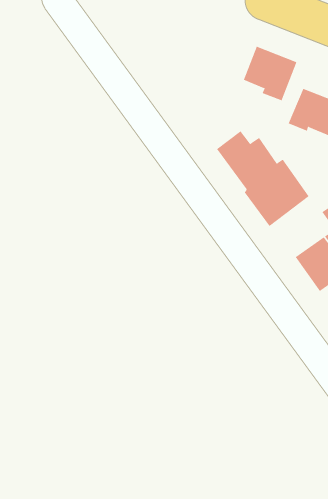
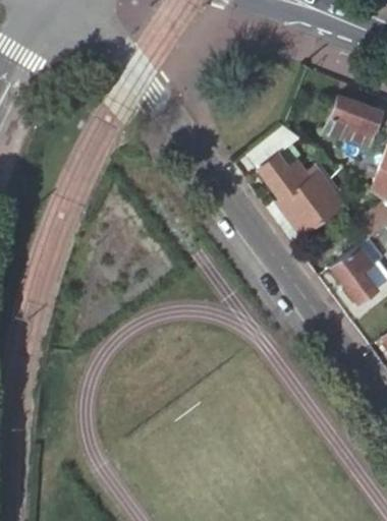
building: [243,46,297,101] -> none

